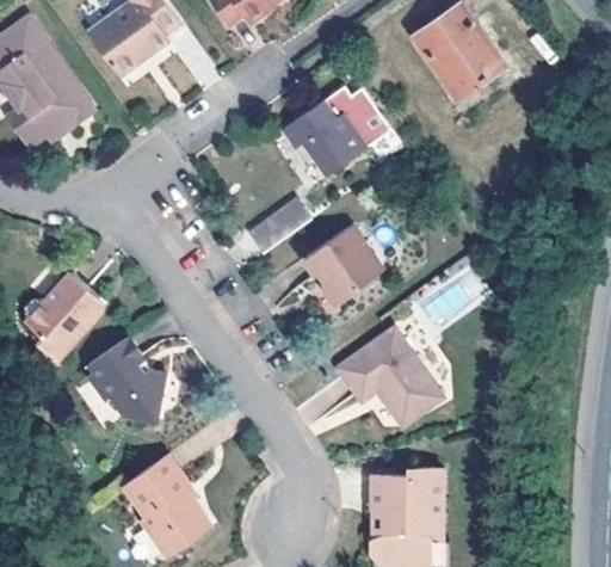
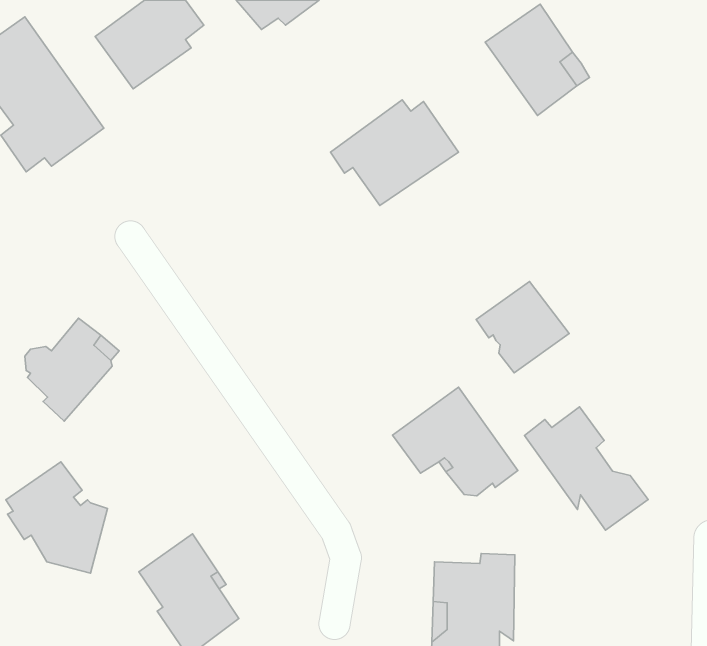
building: [247,199,310,253] -> none
building: [306,224,384,302] -> [476,281,569,373]
building: [80,337,166,431] -> [6,462,107,573]
building: none -> [524,407,648,530]

